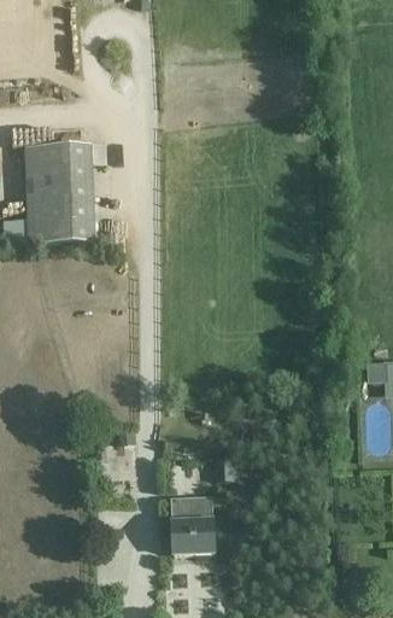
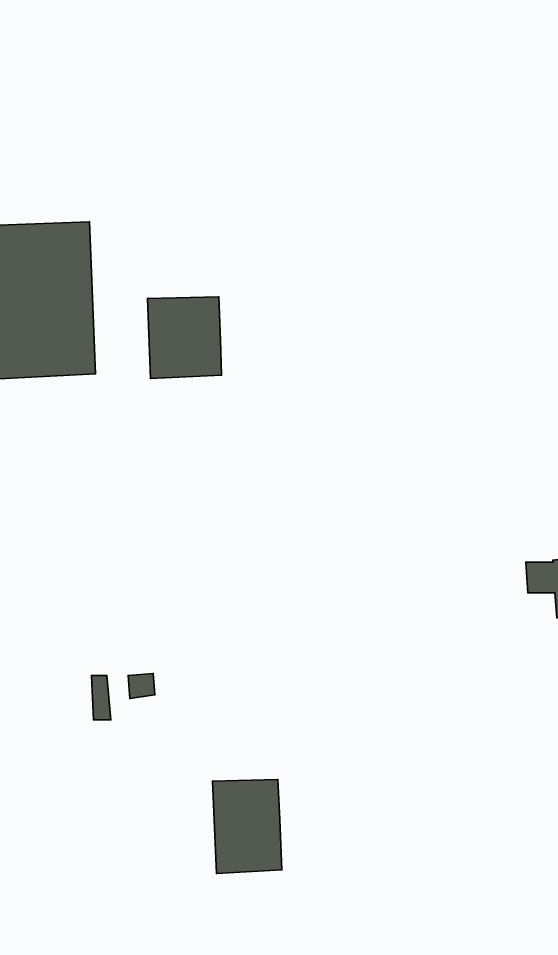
building: none -> [148,297,222,378]

